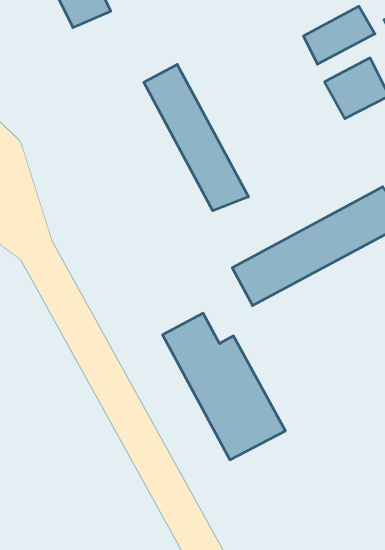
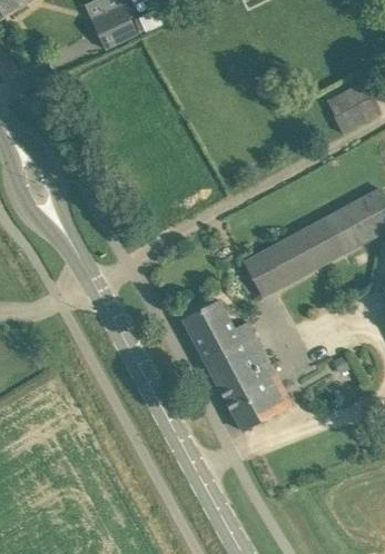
building: [304,6,375,64] -> none
building: [144,64,248,211] -> none

